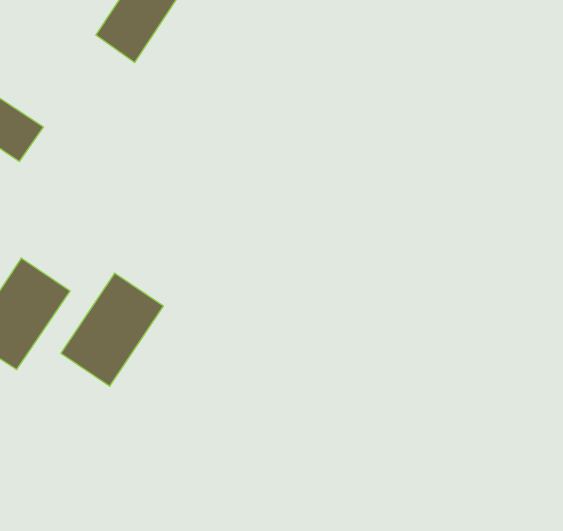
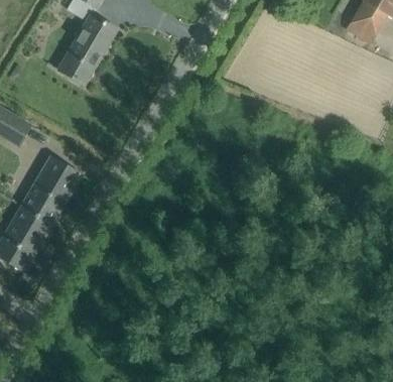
building: [61,273,163,386] -> [22,155,82,223]

